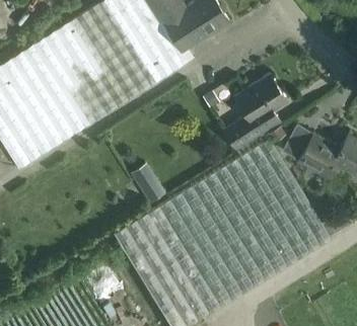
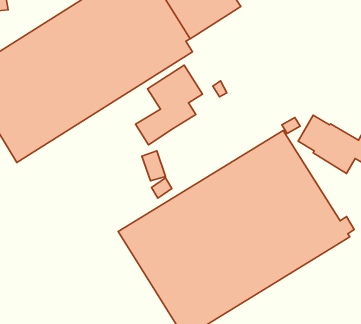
building: [224,75,287,150] -> [136,65,202,145]

